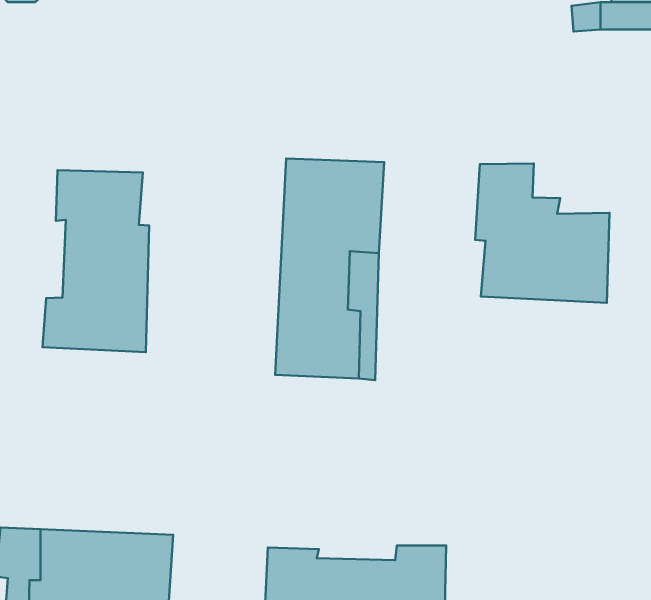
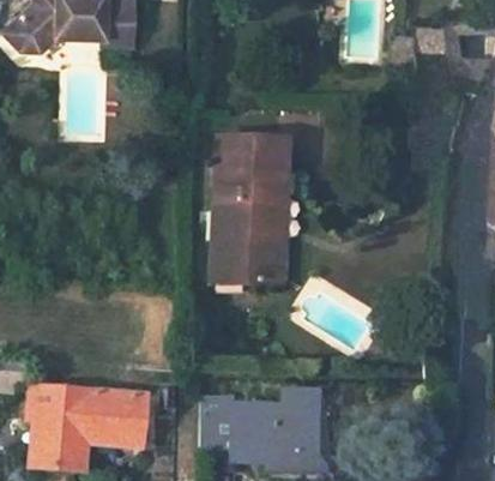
building: [475,163,609,303] -> none
building: [42,170,149,352] -> none

